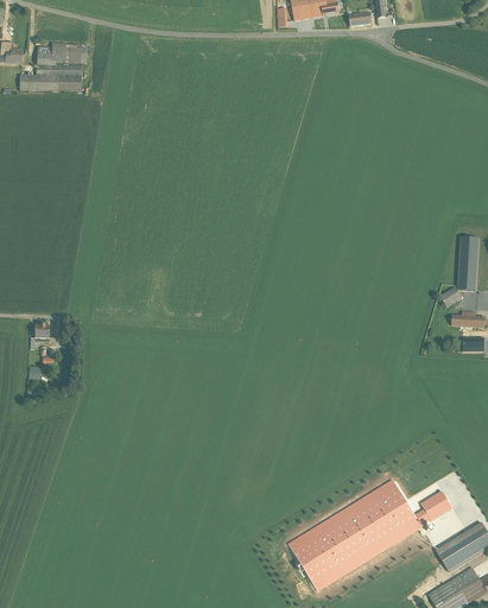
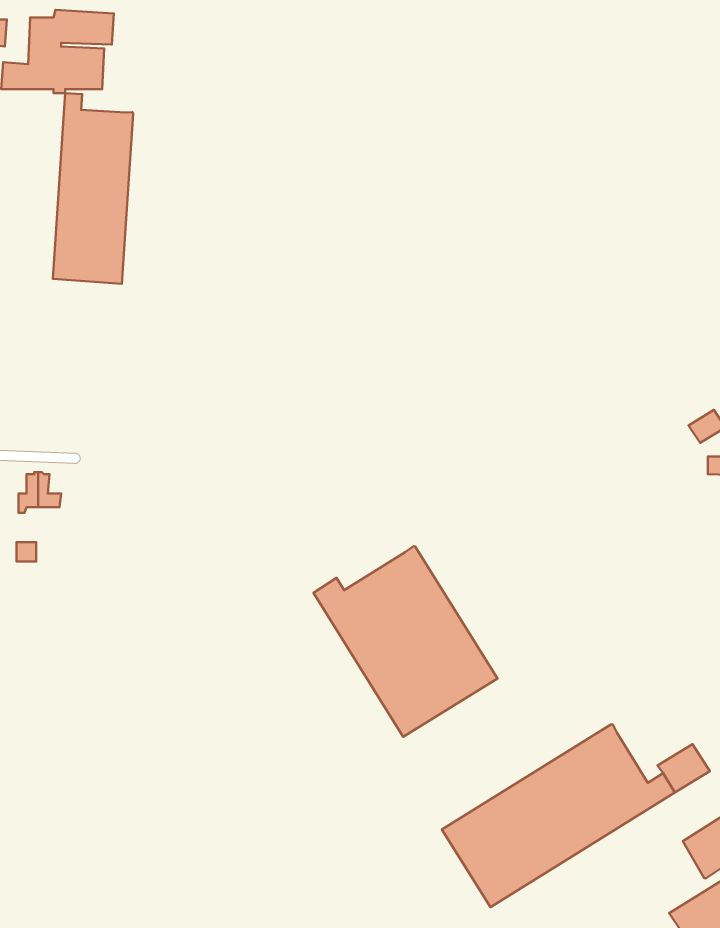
building: none -> [53,93,133,284]
building: none -> [313,546,497,737]

